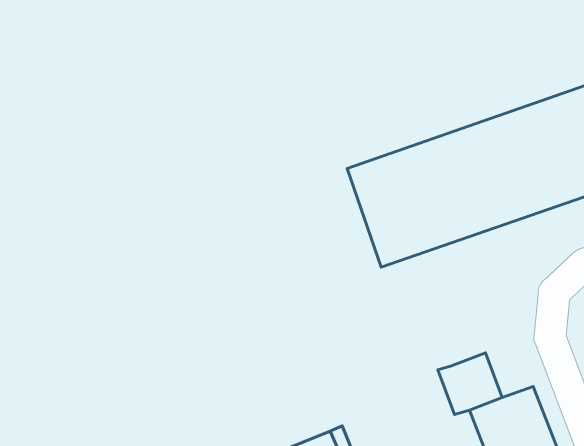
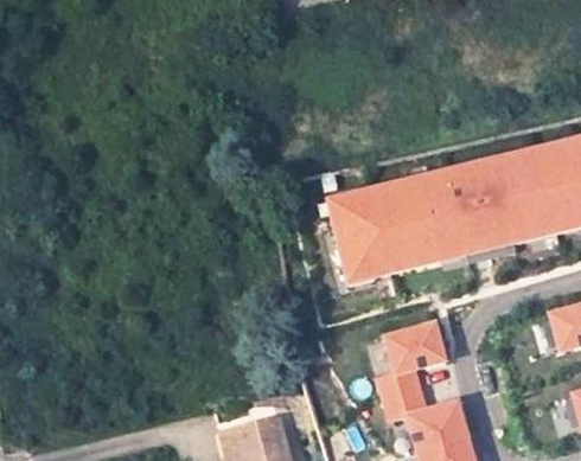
building: none -> [379,320,447,376]

